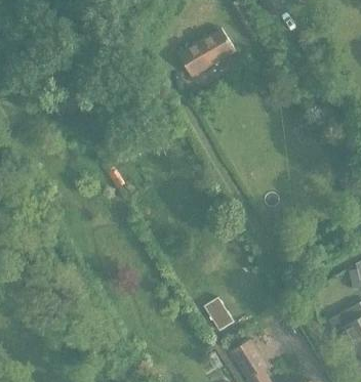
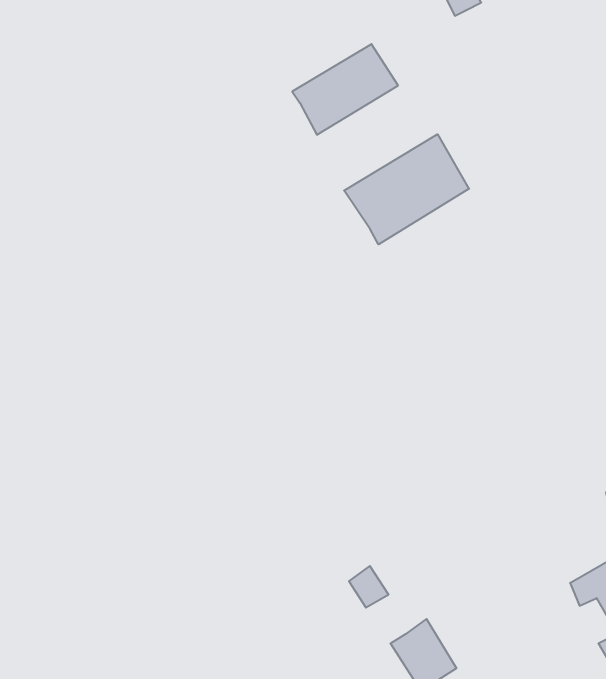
building: none -> [344,134,469,244]

